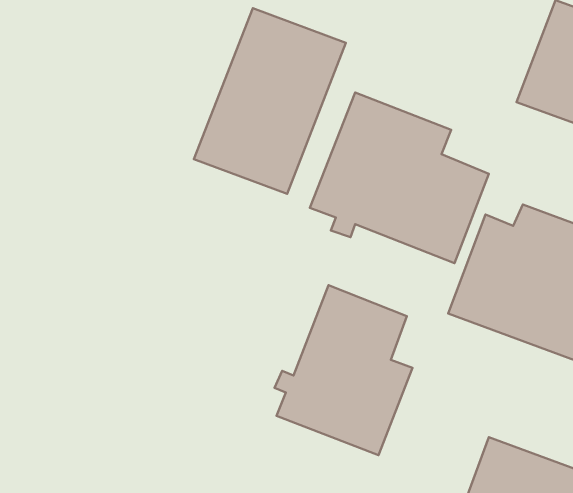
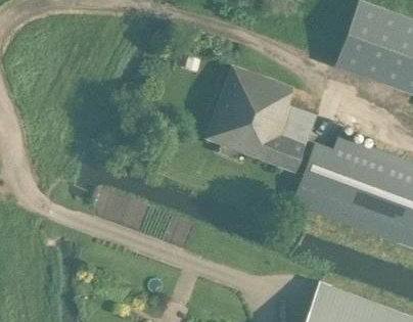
building: [194,8,346,194] -> none
building: [275,285,412,455] -> none

